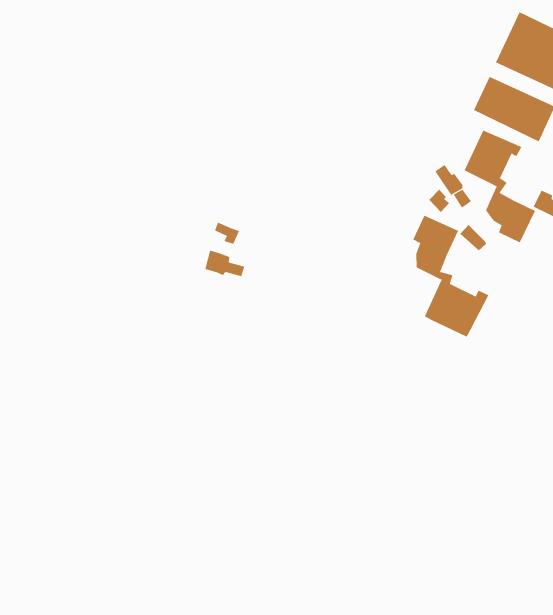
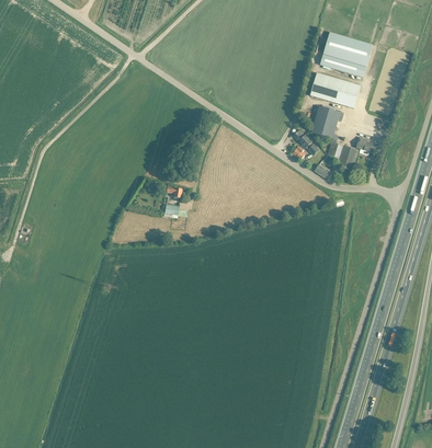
building: [413,215,489,337] -> none

